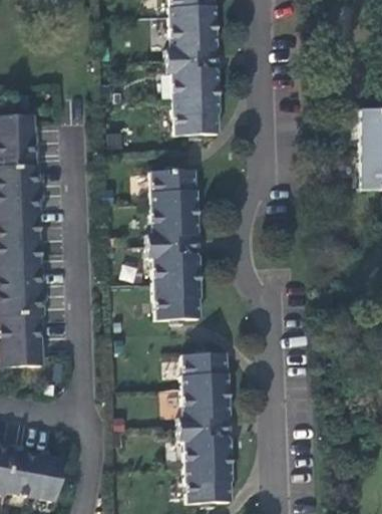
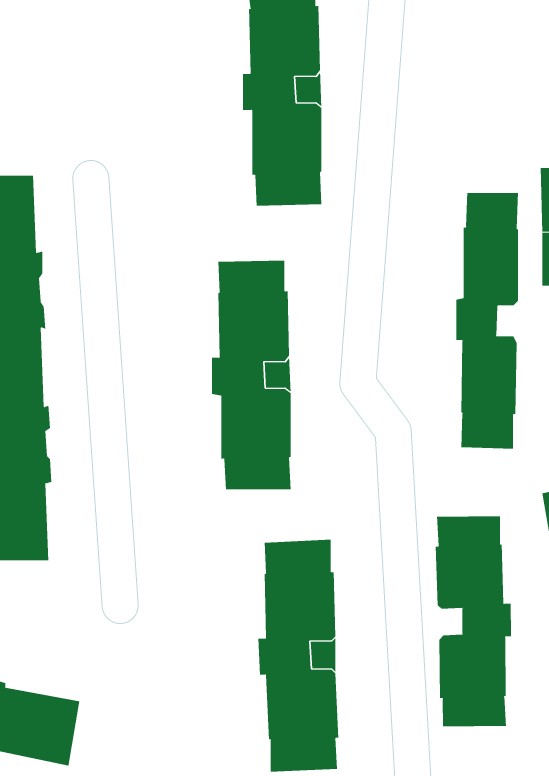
building: none -> [456,192,518,450]
building: none -> [435,516,512,727]

